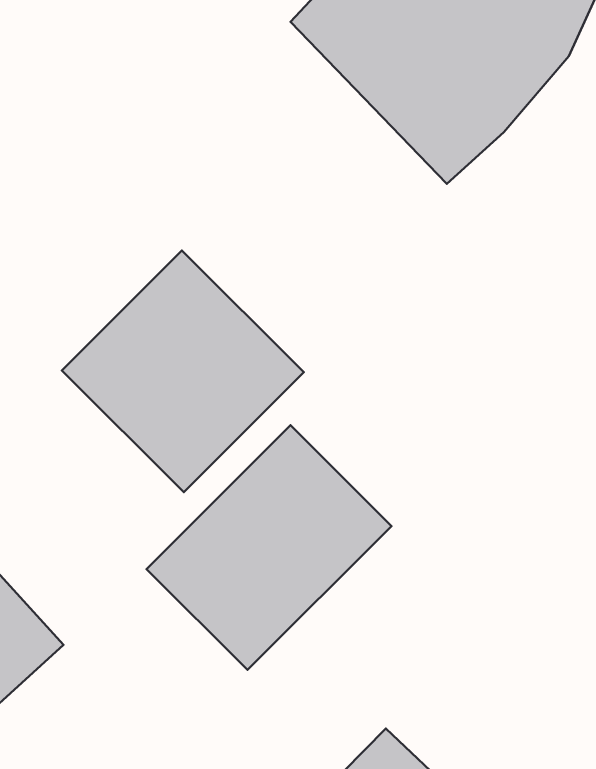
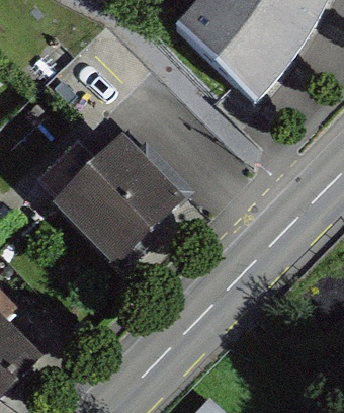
building: [147,425,391,670] -> none

